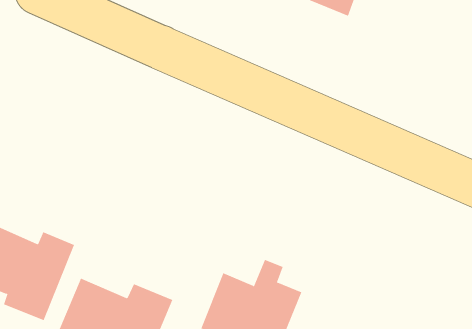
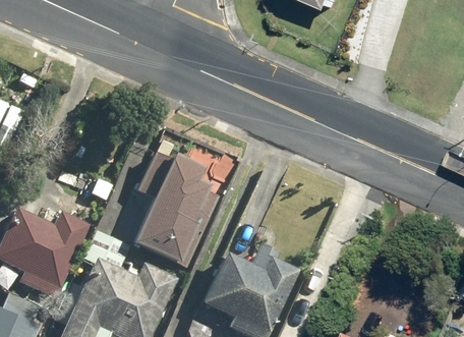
building: none -> [127,150,216,263]

